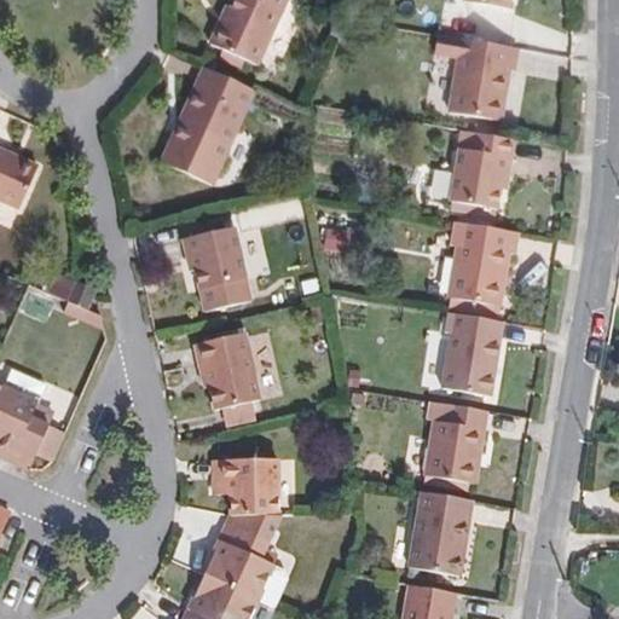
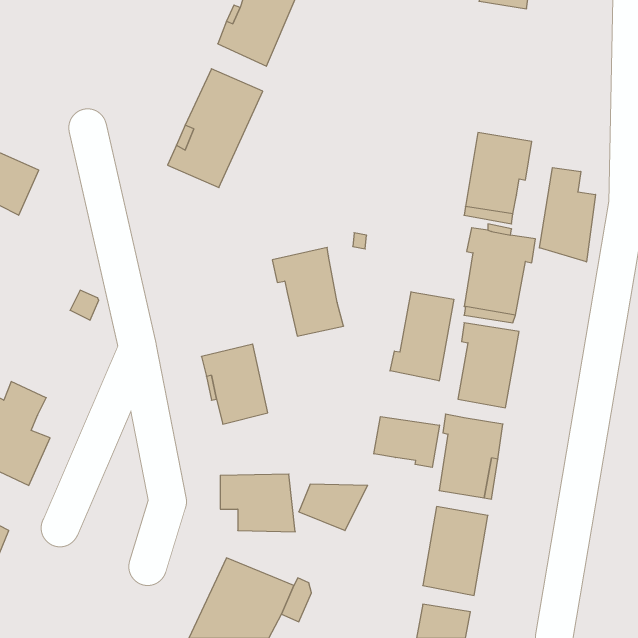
building: [449,37,517,121] -> none
building: none -> [539,168,595,262]
building: [181,226,250,312] -> [272,247,344,336]
building: none -> [390,292,454,381]
building: none -> [374,417,439,467]
building: [219,513,285,557] -> [299,484,368,531]

